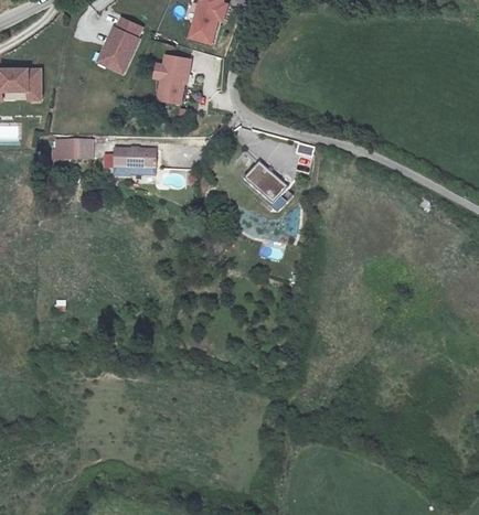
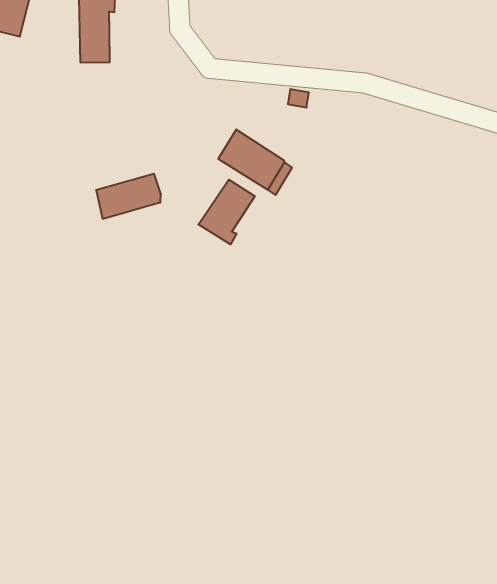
building: [111,152,155,176] -> [96,174,161,219]
building: none -> [198,180,255,244]

